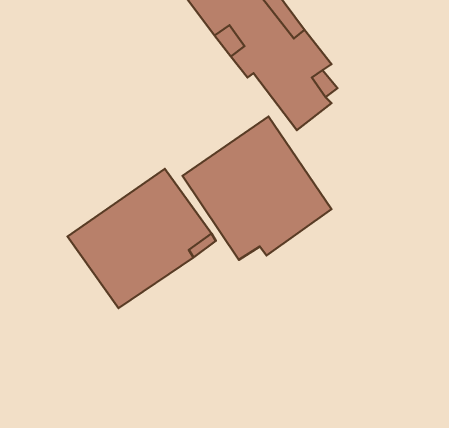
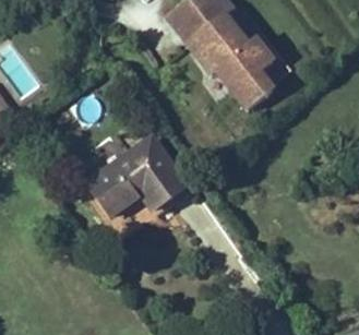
building: [182,116,332,260] -> none

